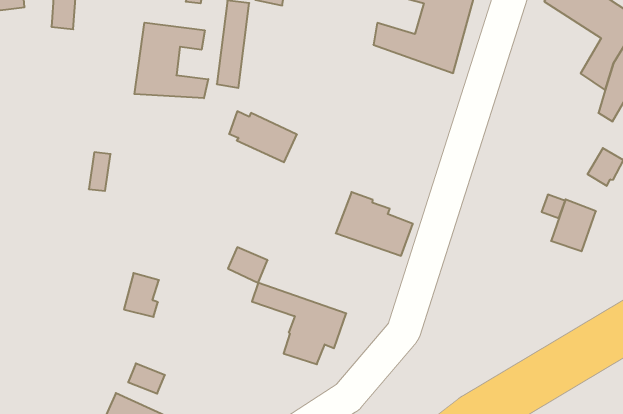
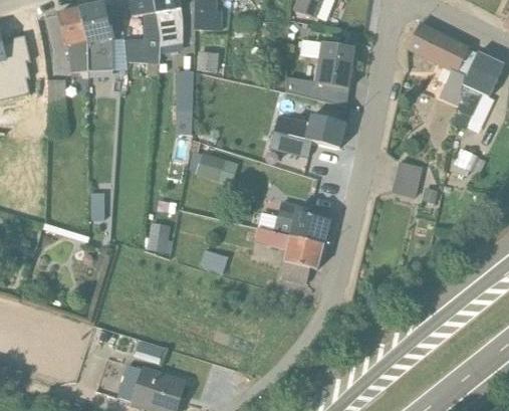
building: [134,23,208,98] -> none
building: none -> [270,114,346,157]
building: [551,199,596,251] -> [392,160,422,196]
building: [124,273,159,317] -> [148,221,172,251]
building: [252,283,346,364] -> [254,227,323,281]

